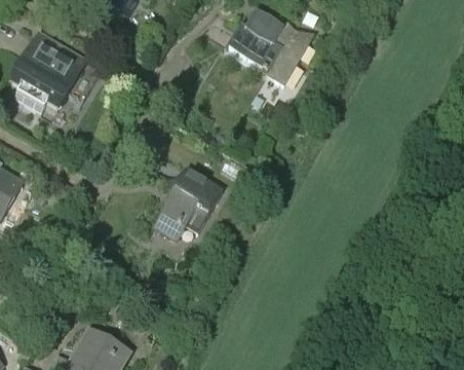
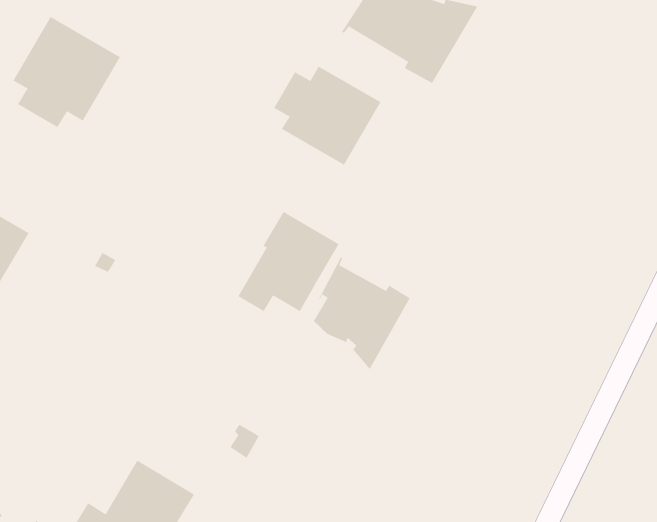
building: none -> [273,66,381,165]
building: none -> [313,257,411,370]

